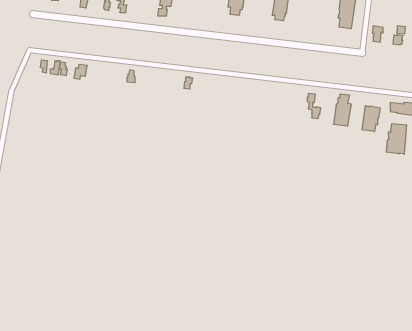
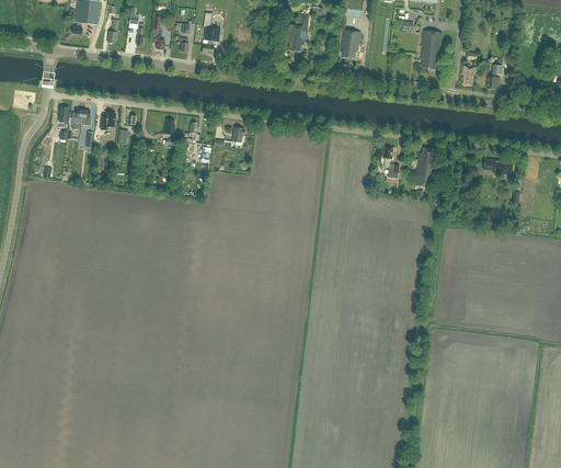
building: [362,106,380,132] -> none
building: [386,124,407,154] -> none

